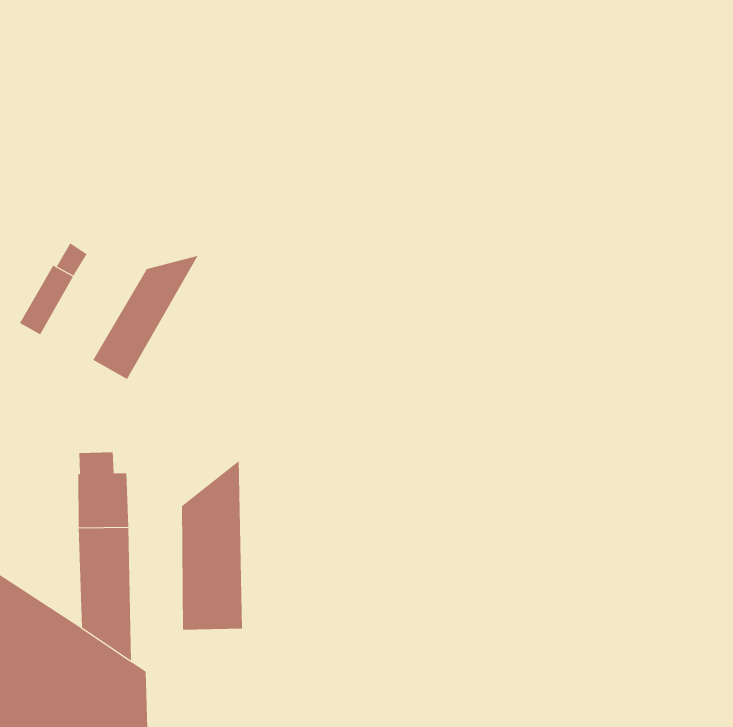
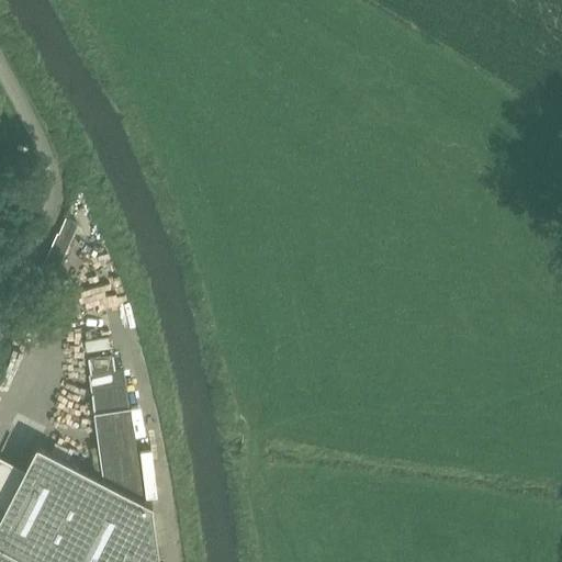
building: [92,255,199,380] -> none
building: [182,460,242,631] -> none

